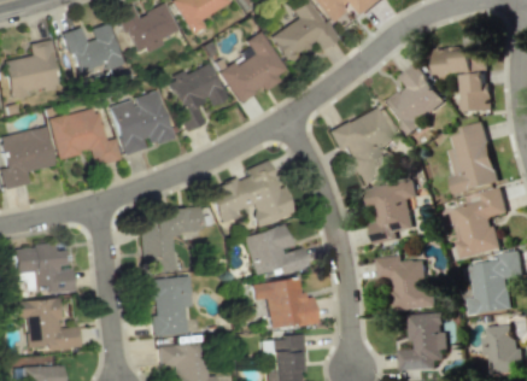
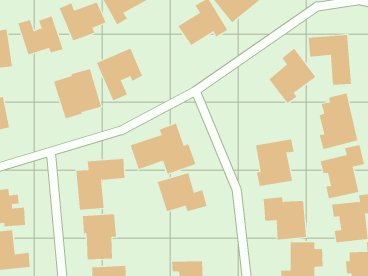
building: [218,31,285,104] -> none
building: [48,107,119,166] -> none
building: [327,109,396,184] -> none
building: [251,277,316,330] -> none

